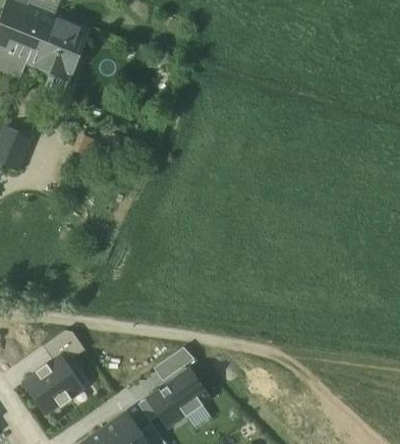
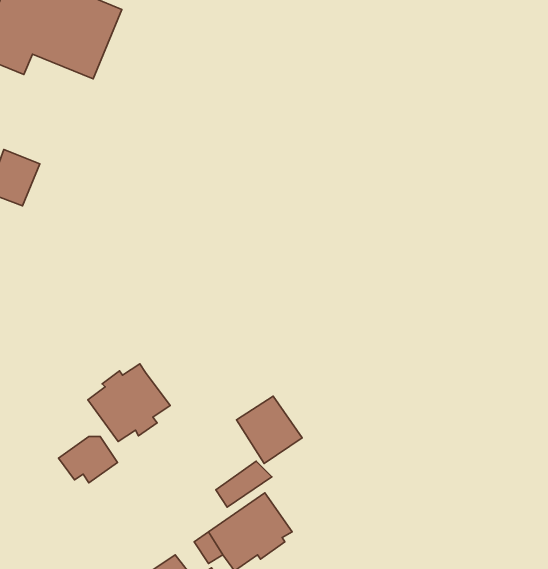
building: none -> [236,396,302,464]
building: [23,357,81,412] -> [88,364,170,442]

